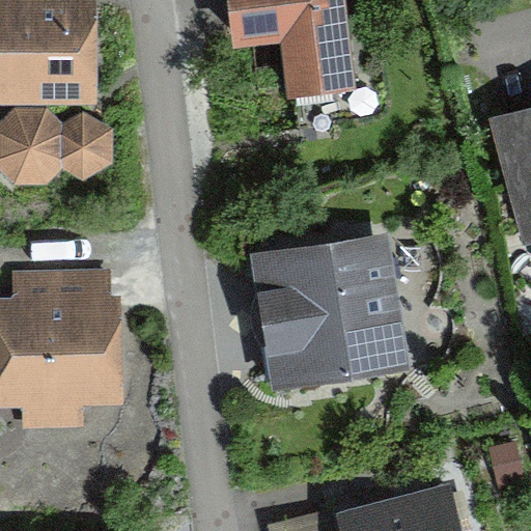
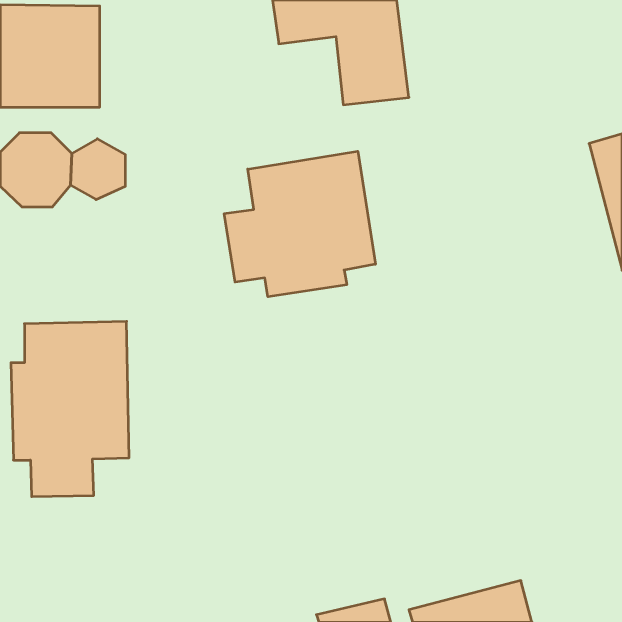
building: none -> [224,151,375,297]
building: [268,243,396,372] -> none

